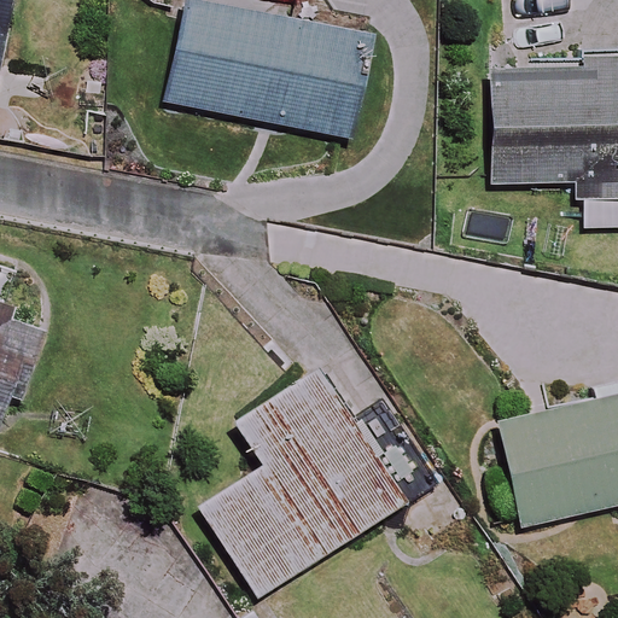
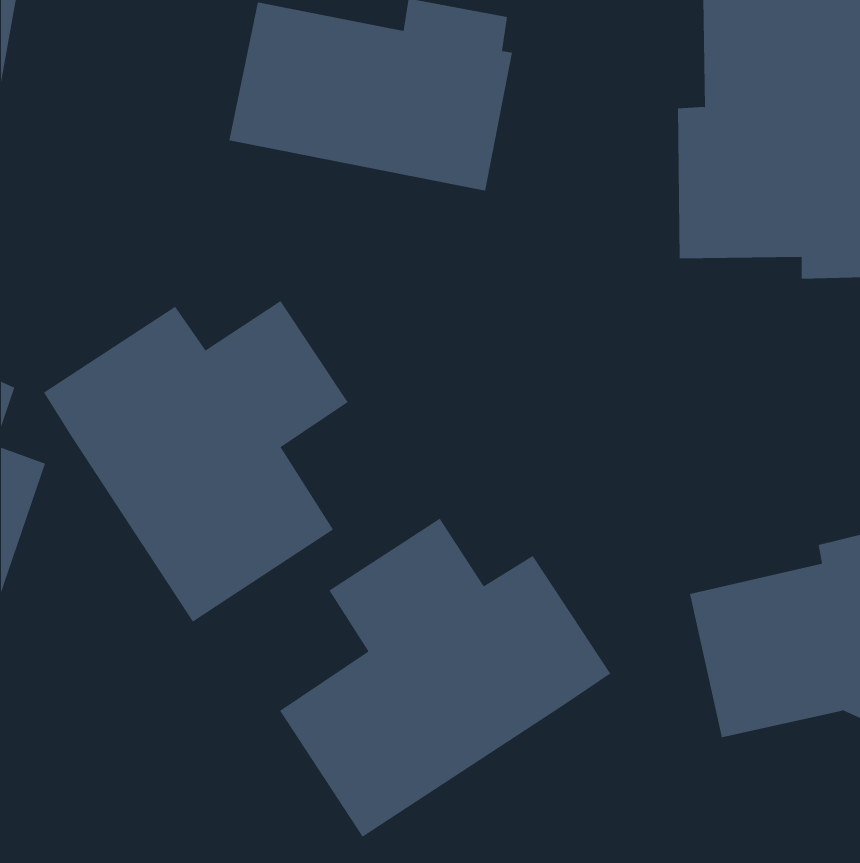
building: none -> [43,300,348,623]

